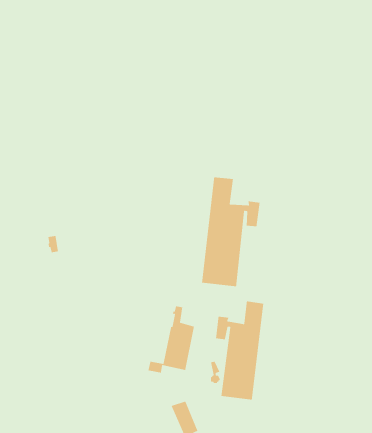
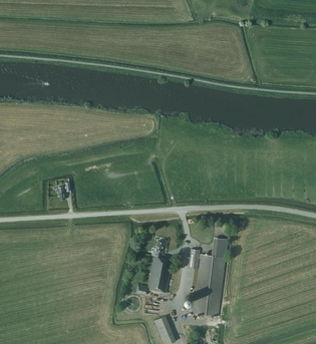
building: [201,177,261,287] -> none

